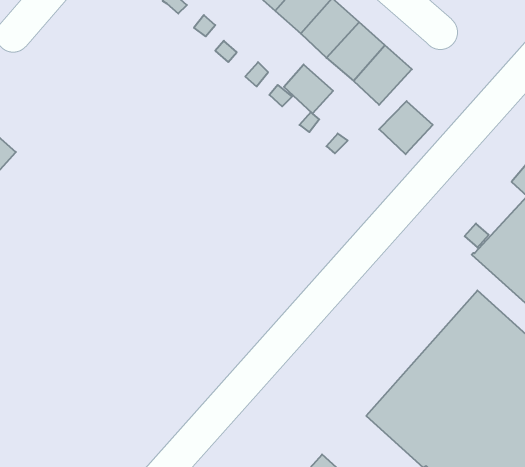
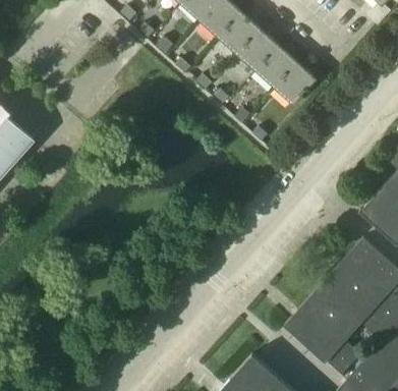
building: [284,64,333,113] -> none
building: [379,101,433,154] -> none

